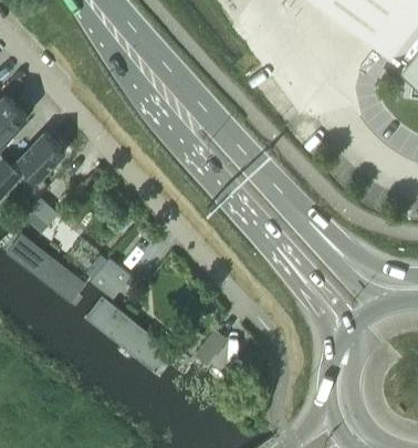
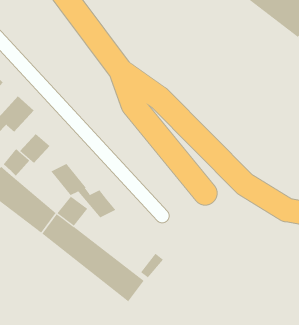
building: none -> [19,133,50,164]
building: none -> [50,163,116,218]

